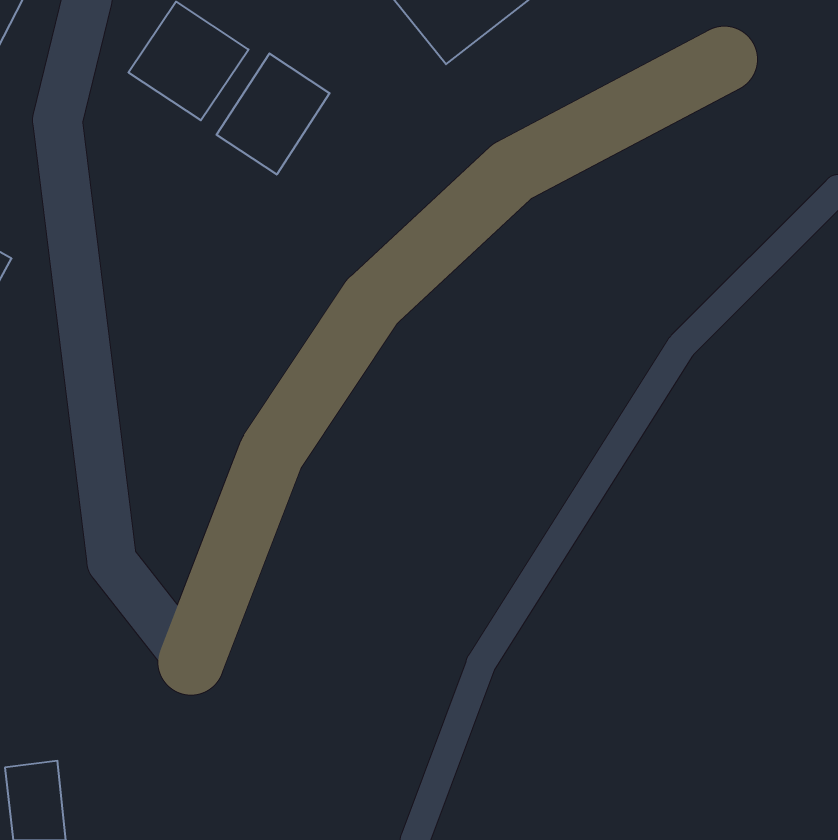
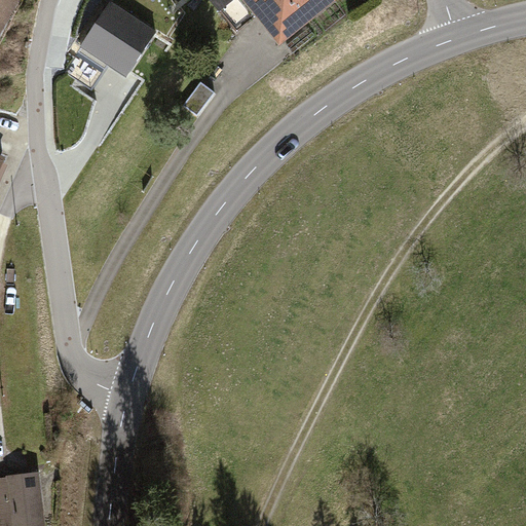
building: [217,53,330,175] -> none

